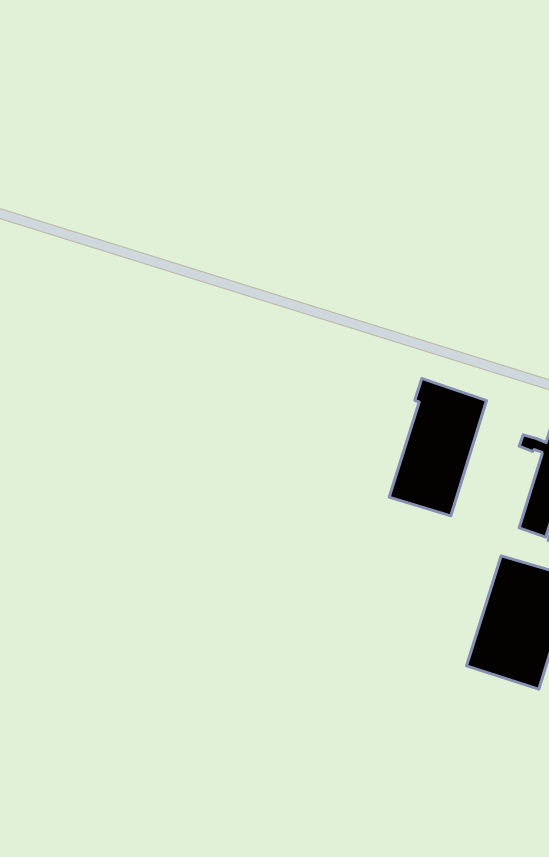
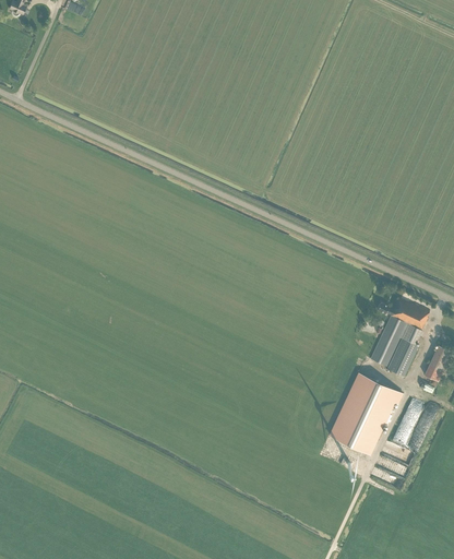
building: [389,378,487,516] -> none

